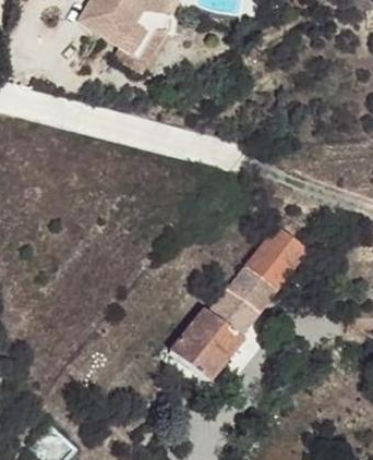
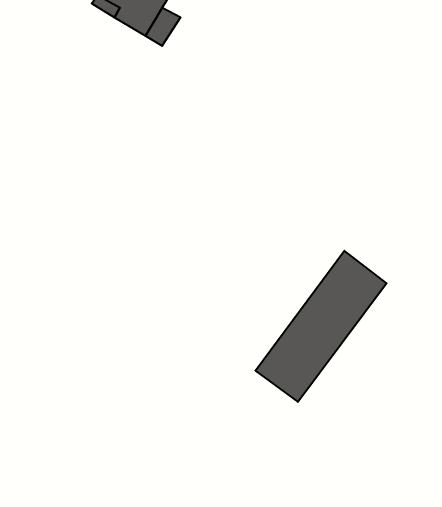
building: [170,304,249,383] -> none

